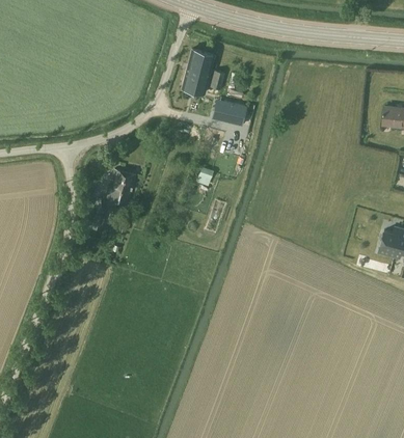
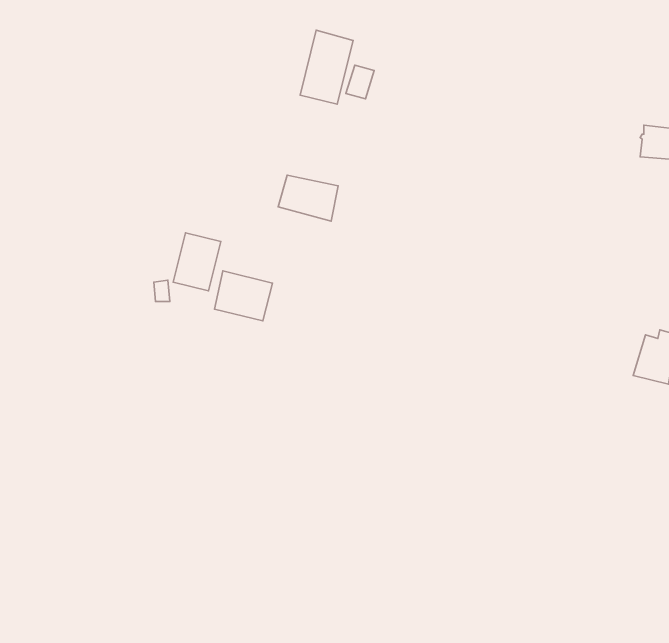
building: [211,100,246,127] -> [278,175,338,221]
building: none -> [214,271,272,321]

